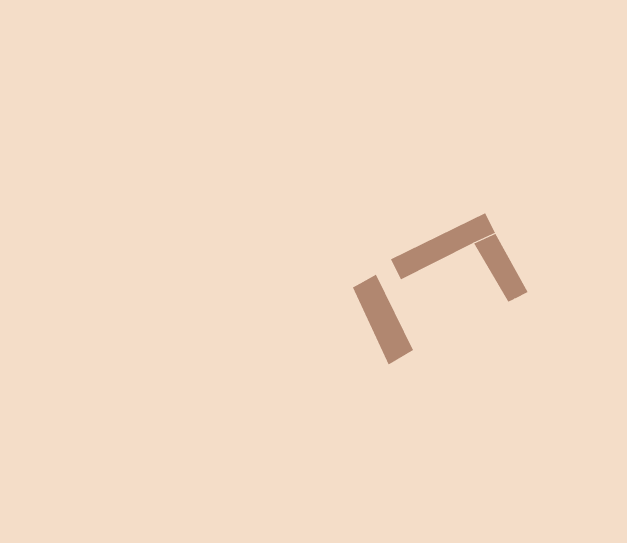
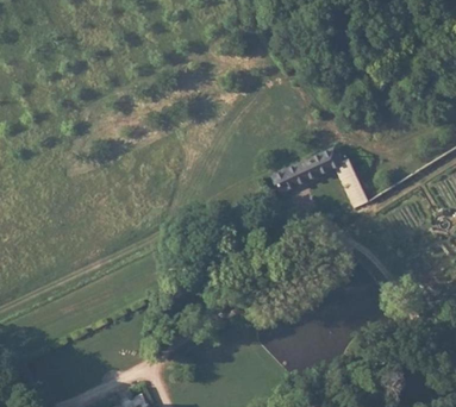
building: [352,274,414,366] -> none

